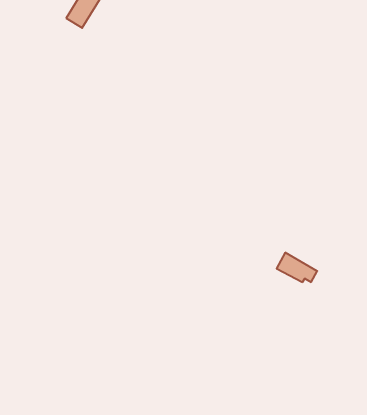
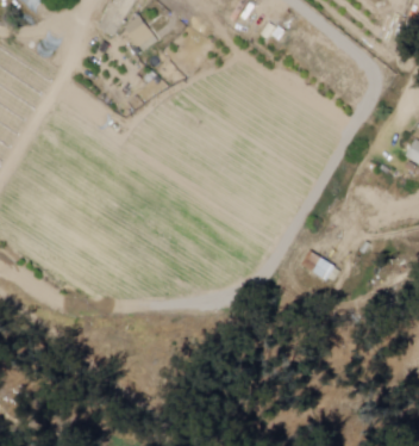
building: none -> [125,16,158,51]

